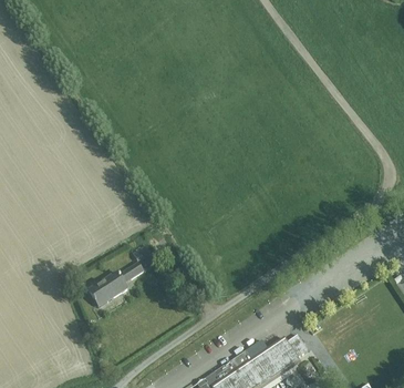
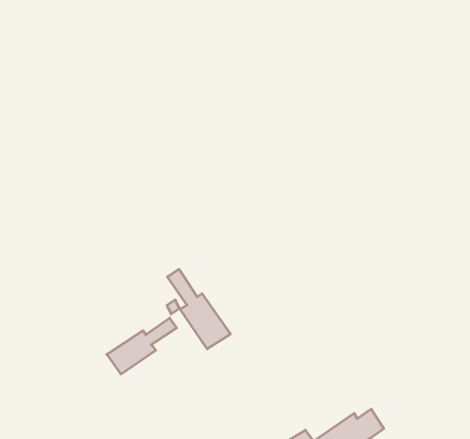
building: none -> [167,269,230,349]

